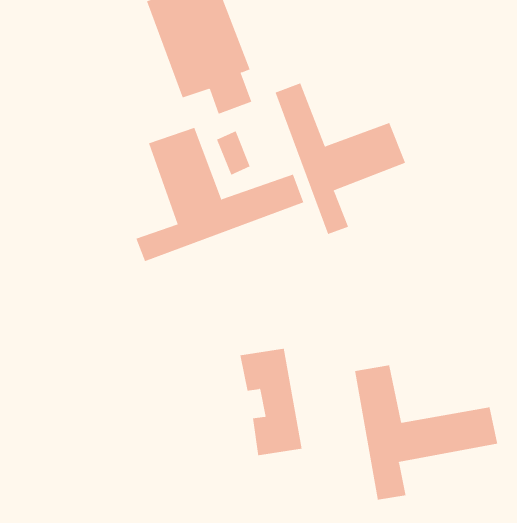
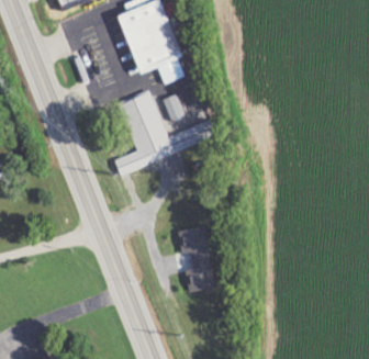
building: [275,83,406,235] -> none
building: [354,364,498,501] -> none

